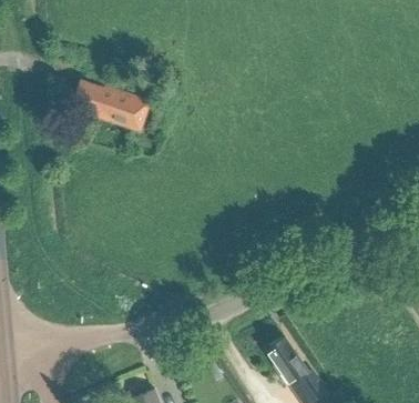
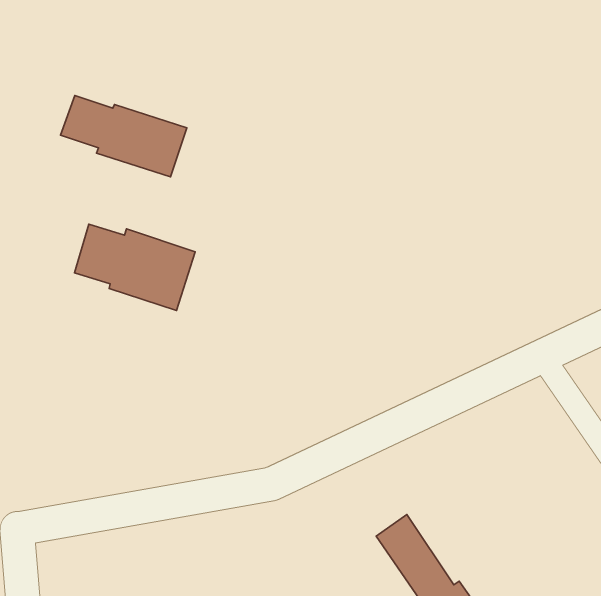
building: none -> [75,224,195,310]

